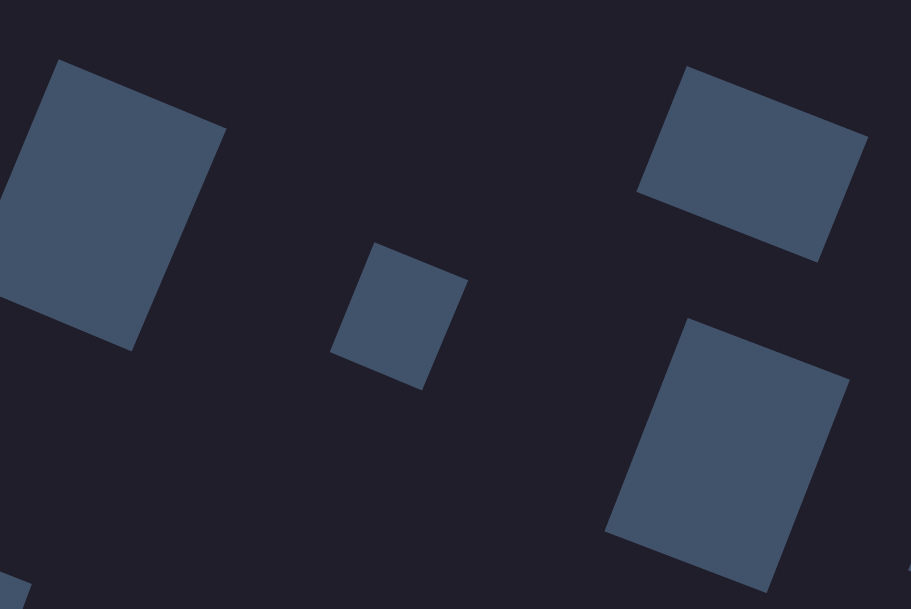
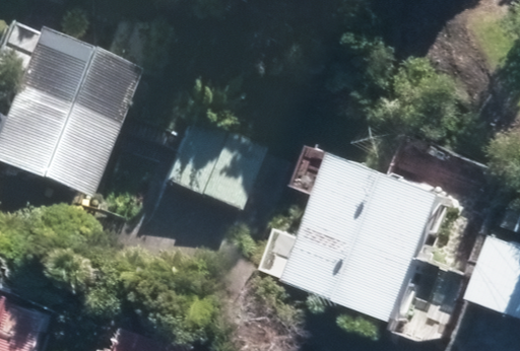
building: [636,65,869,264] -> none

